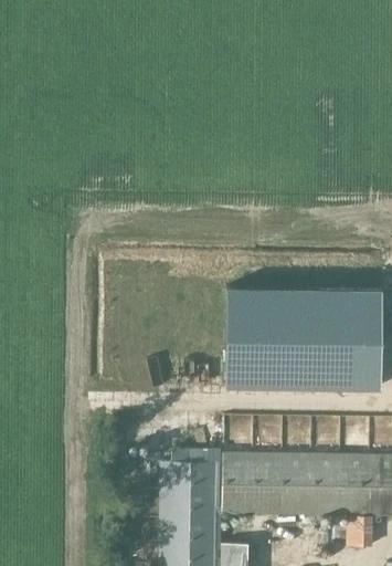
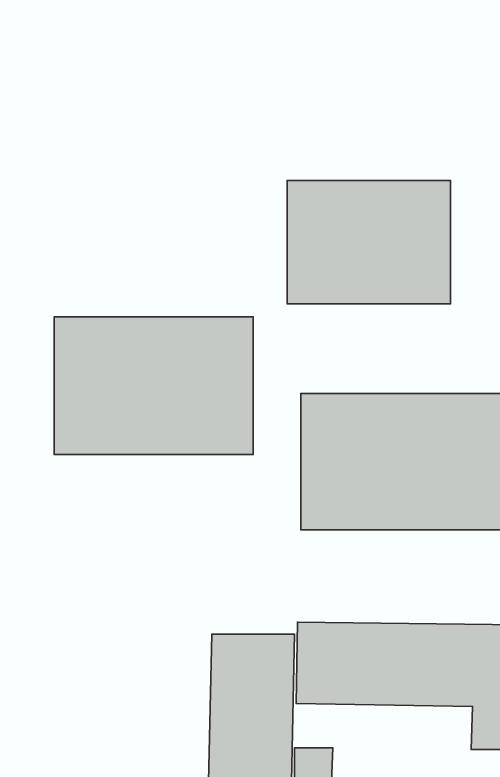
building: none -> [287,180,451,304]
building: none -> [54,317,253,454]

